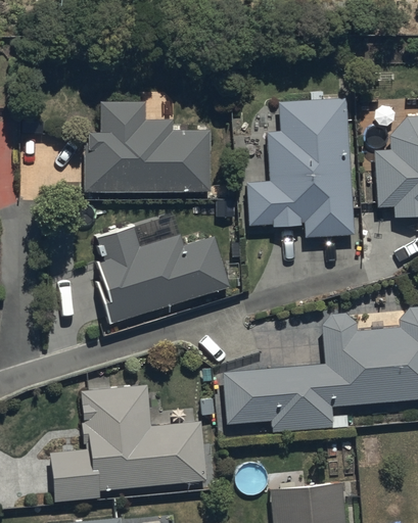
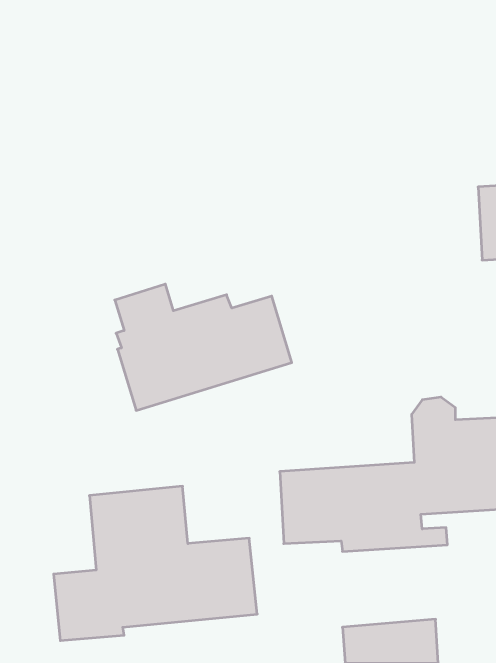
building: [247,98,355,237] -> none
building: [85,102,211,191] -> none

